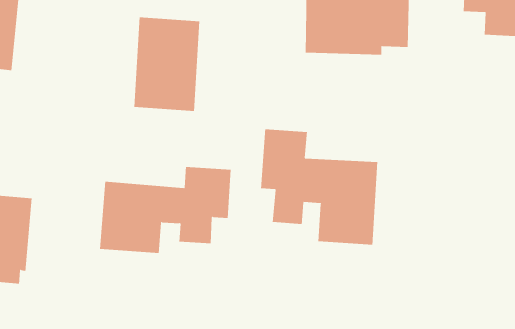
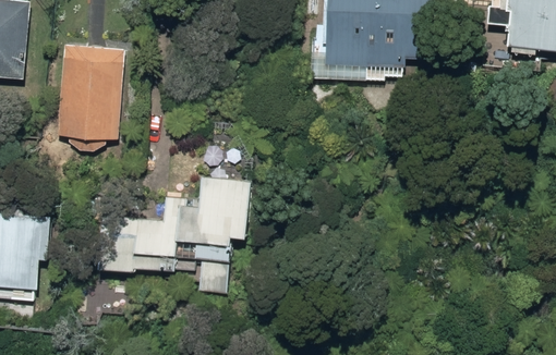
building: [133,17,200,111] -> [51,35,120,132]
building: [261,129,378,245] -> none

